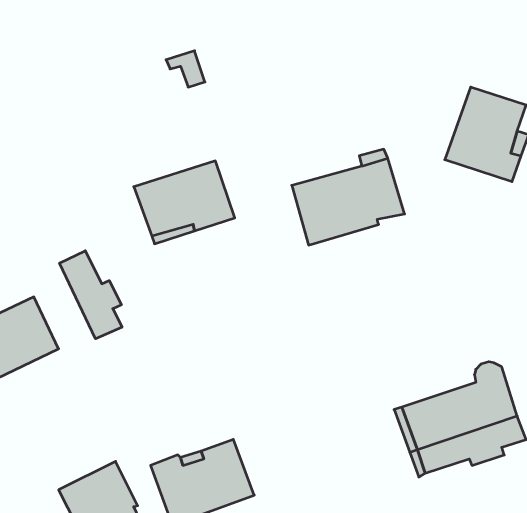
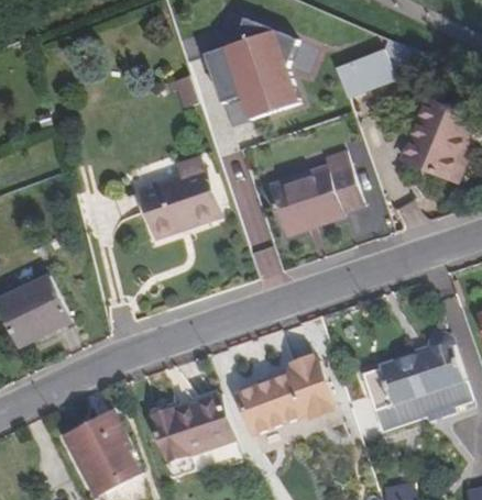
building: none -> [202,31,297,124]
building: none -> [333,49,395,95]
building: [60,251,122,339] -> none
building: none -> [234,371,324,435]

